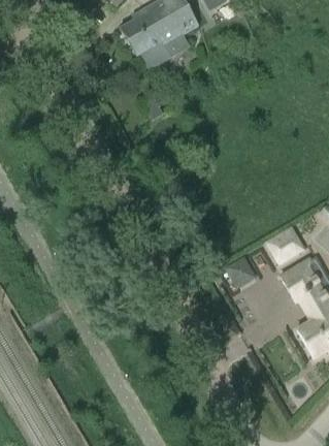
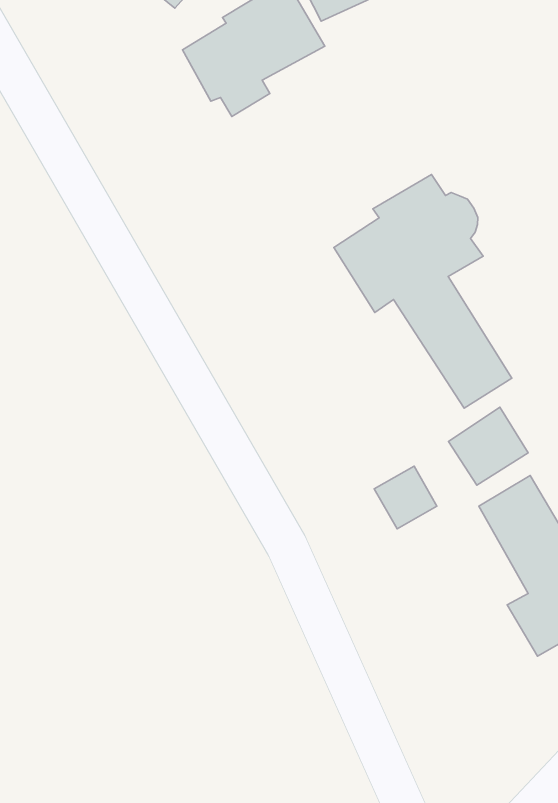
building: none -> [334,175,512,408]

